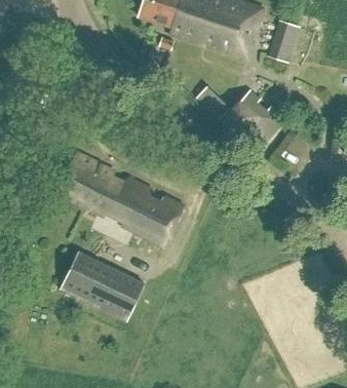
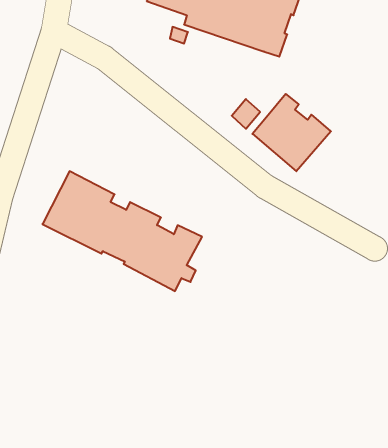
building: [268,21,297,61] -> none
building: [60,250,146,322] -> none

